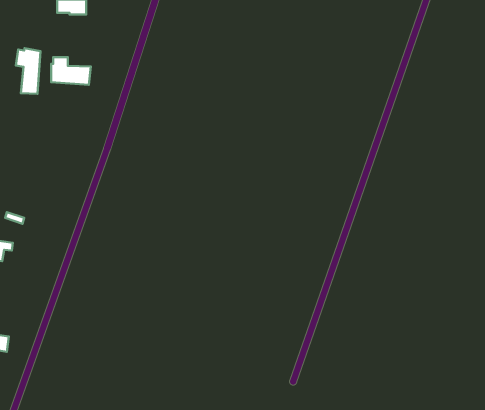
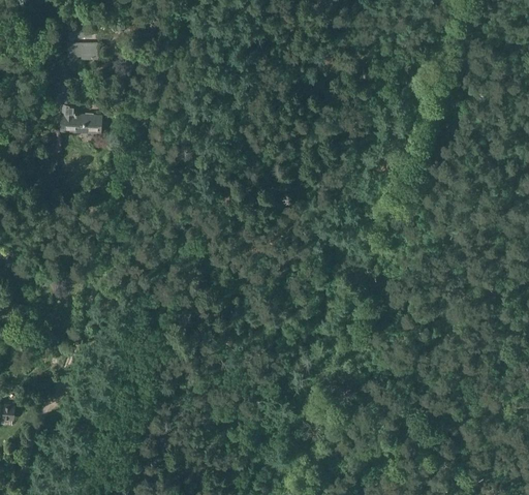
building: [16,48,41,94] -> none

